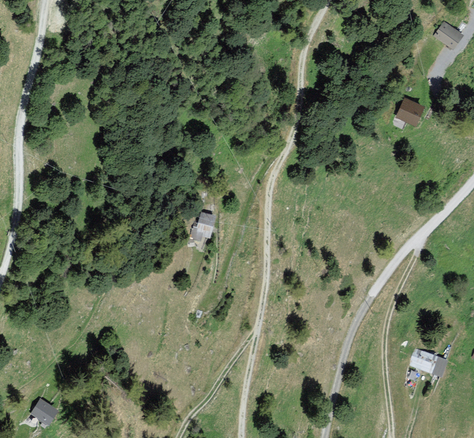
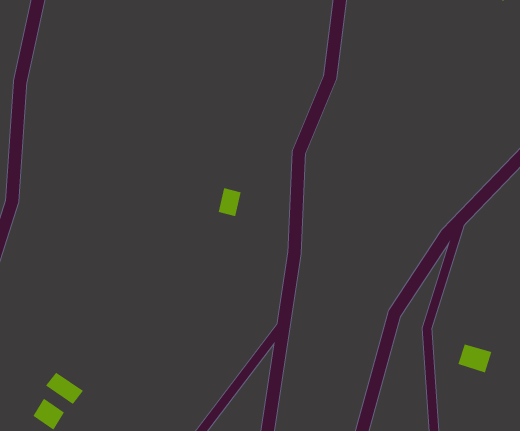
building: [395,99,419,125] -> none
building: none -> [45,372,84,405]

